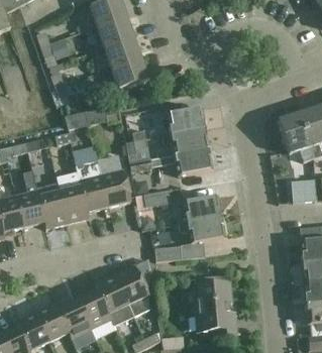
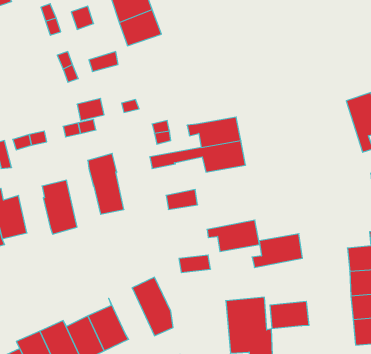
building: [111,55,148,89] -> none
building: [168,107,205,133] -> none
building: [279,113,314,160] -> none
building: [101,169,131,207] -> none
building: [17,170,44,227] -> none
building: [57,171,90,222] -> none
building: [292,179,317,202] -> none
building: [178,195,221,224] -> [252,234,302,268]
building: [95,274,134,325] -> none
building: none -> [270,301,309,329]

